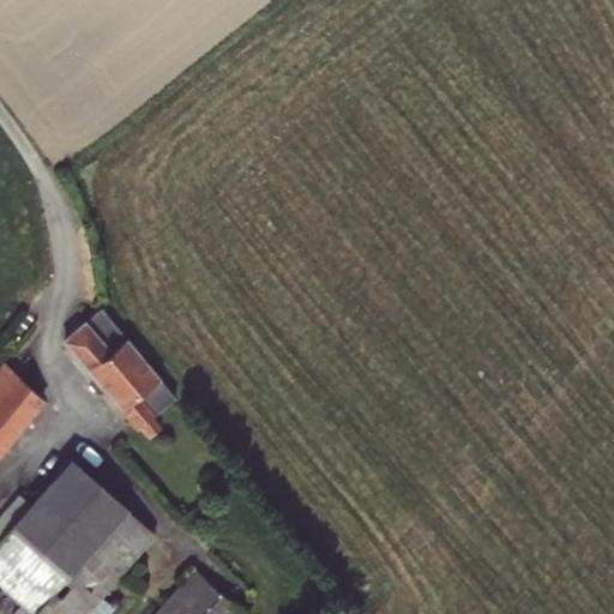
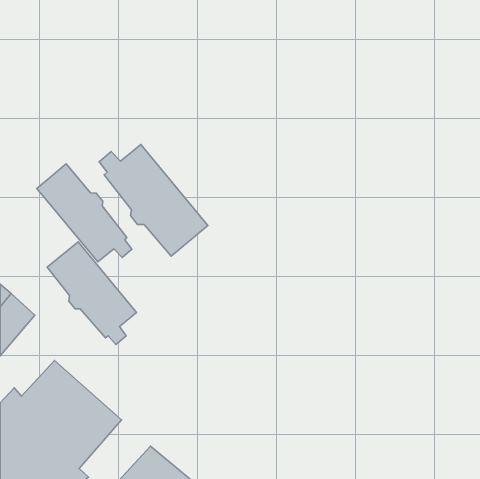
building: none -> [99,144,208,256]
building: none -> [37,164,132,262]

